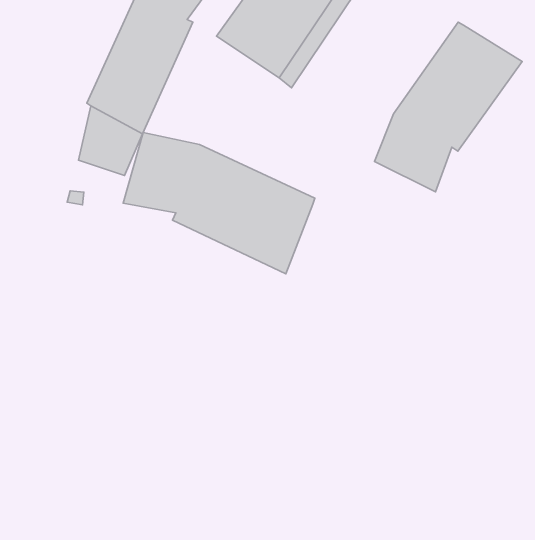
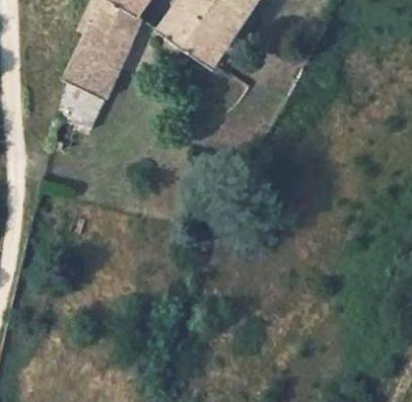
building: [374,22,522,192] -> none
building: [123,132,315,274] -> none

